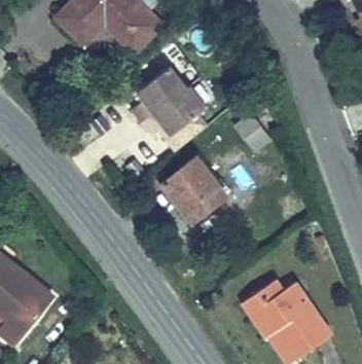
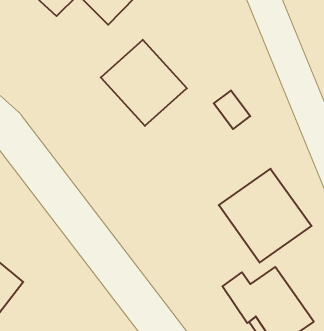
building: [164,156,226,220] -> none
building: none -> [219,169,312,263]

